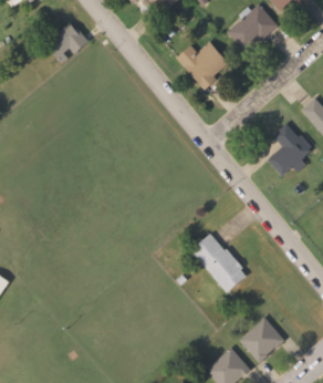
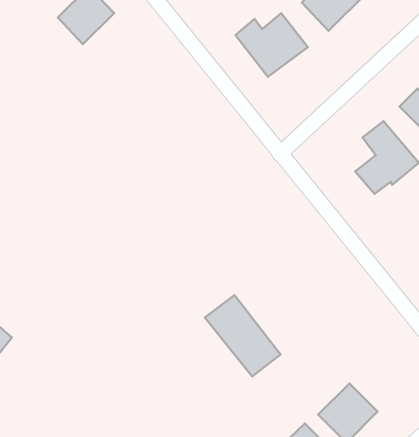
building: [190,231,247,292] -> [205,295,280,377]

